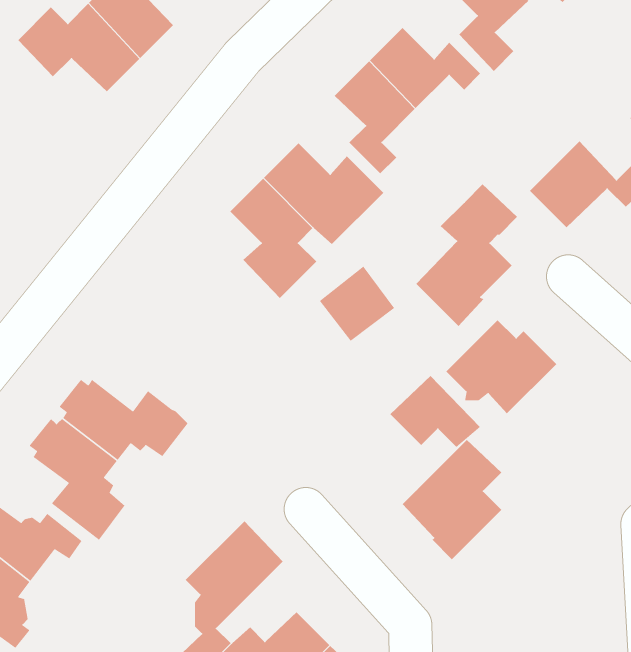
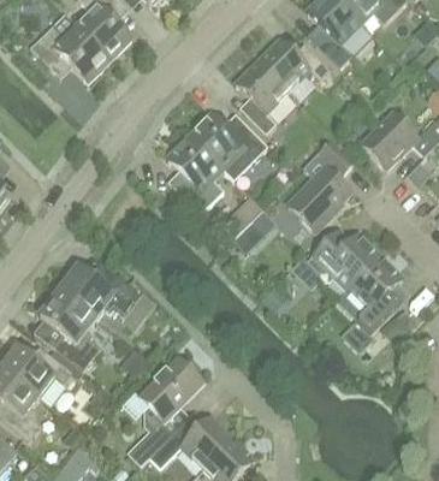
building: [402,439,502,560] -> [337,256,402,334]

